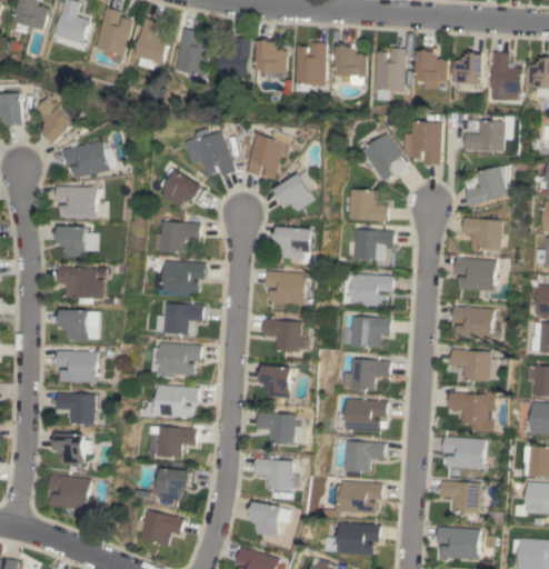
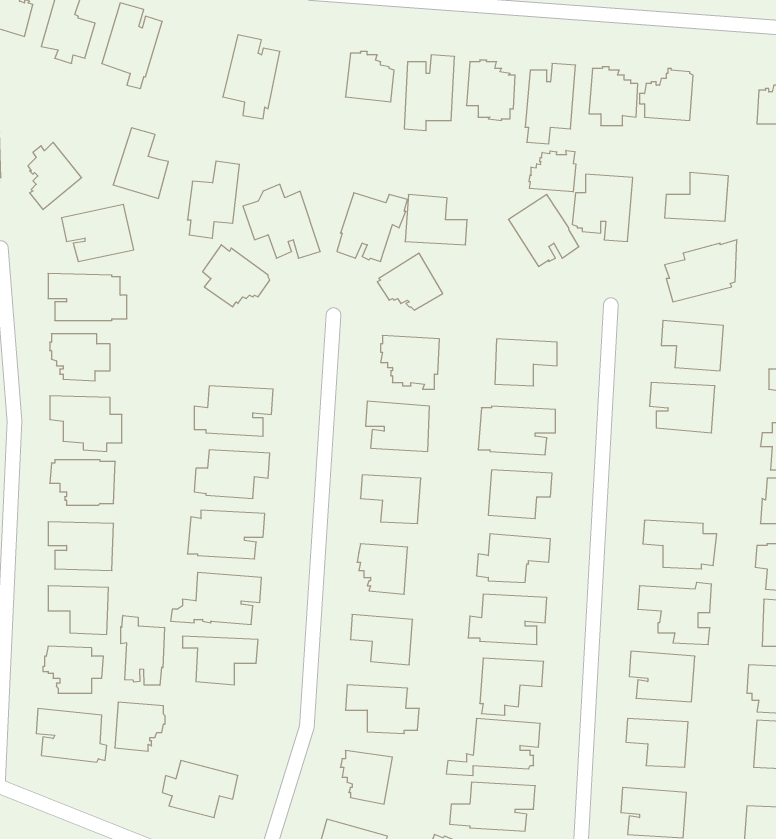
building: [131,17,168,63] -> [113,128,168,198]
building: [214,36,249,87] -> [187,161,239,238]
building: [489,51,521,100] -> none
building: none -> [529,150,576,192]
building: [347,188,388,221] -> [405,195,467,245]
building: [158,220,200,252] -> none
building: [452,306,495,339] -> none
building: none -> [121,615,165,685]
building: [157,468,190,500] -> [115,702,165,751]

